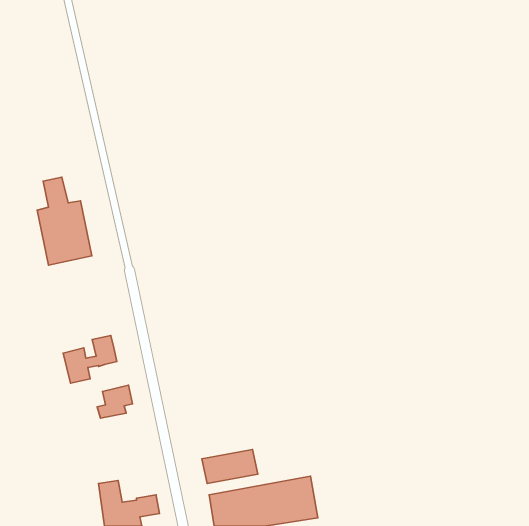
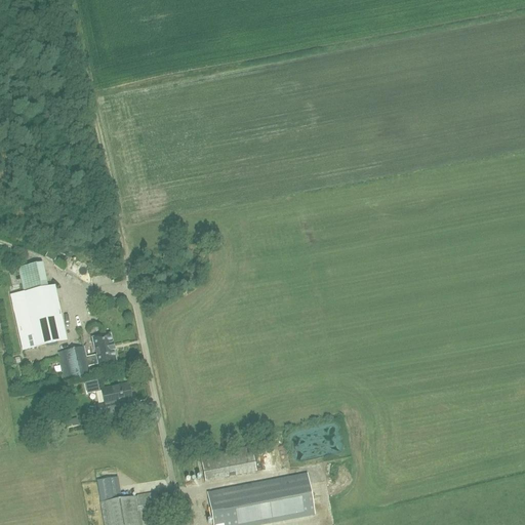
building: [37,177,92,265] -> [11,260,66,348]

